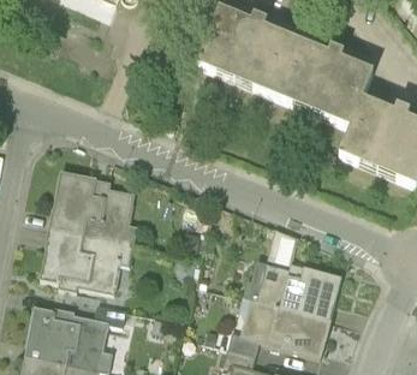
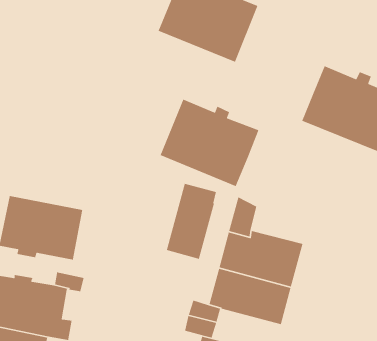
building: [273,40,371,127] -> [160,98,259,187]
building: [49,172,132,242] -> none
building: none -> [166,183,217,260]

